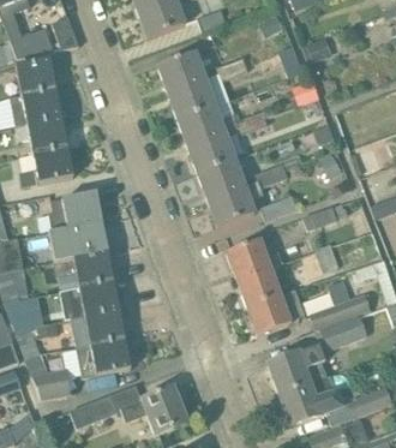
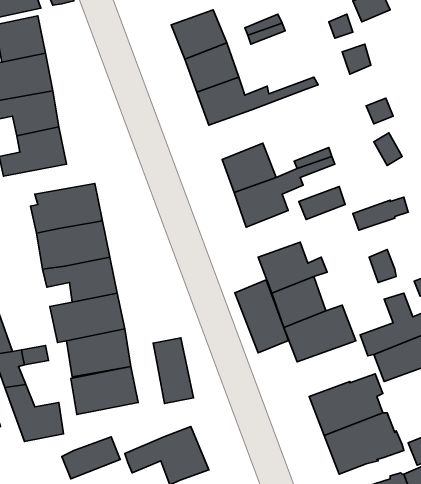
building: [187,133,230,173] -> none
building: none -> [235,280,289,353]
building: none -> [153,338,194,404]

